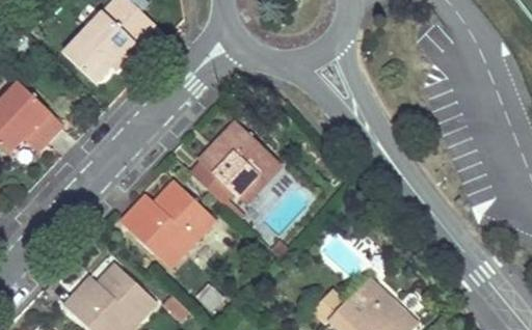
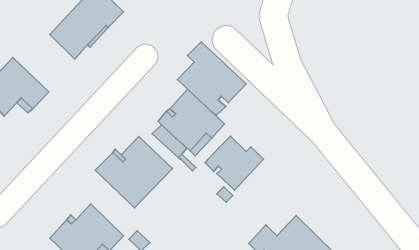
building: none -> [178,42,246,116]
building: none -> [205,136,264,190]

